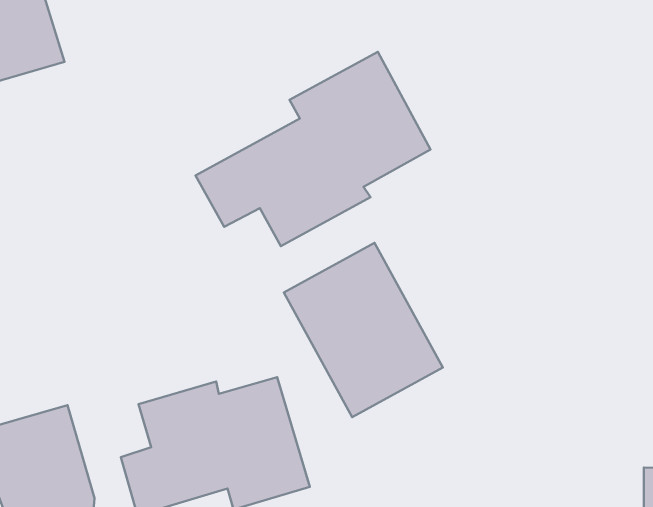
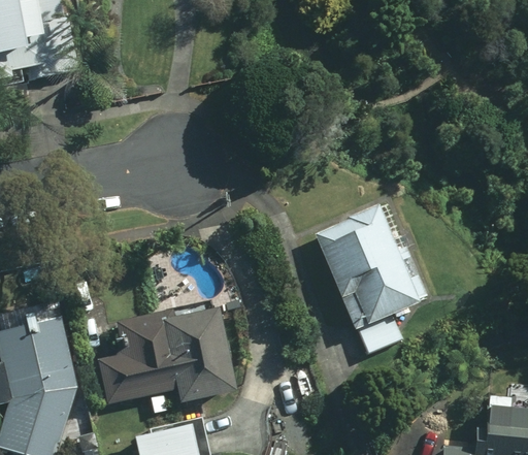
building: [195,52,431,246] -> none
building: [284,243,443,417] -> [314,203,424,328]

